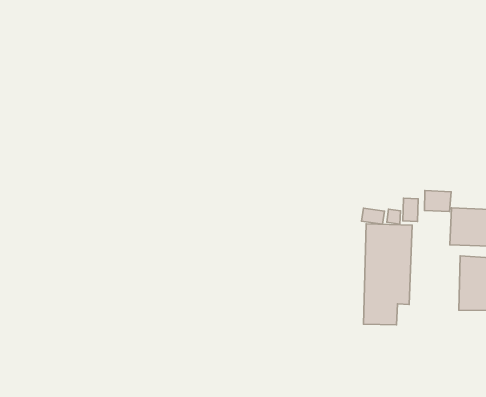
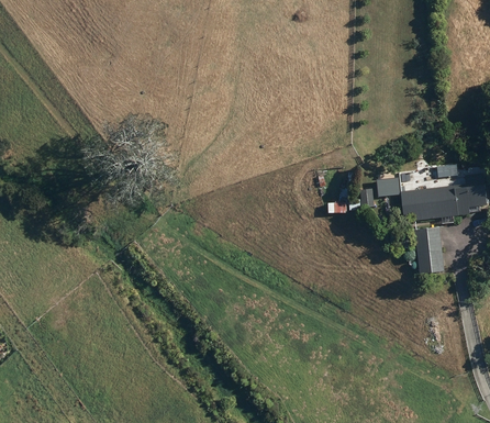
building: [364,224,412,325] -> none

